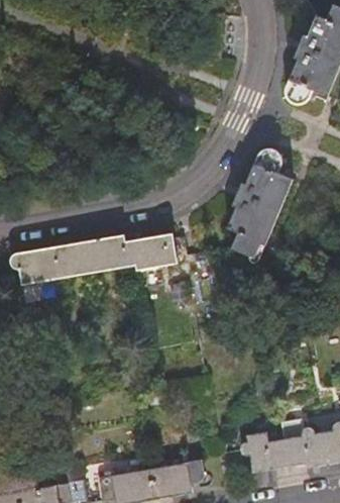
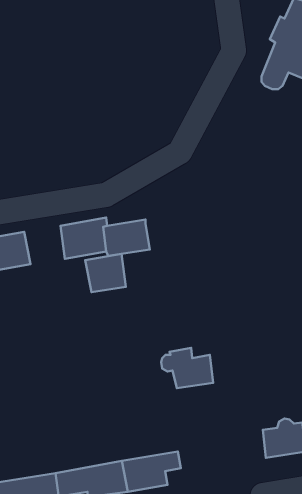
building: [226,148,290,259] -> none
building: [53,240,93,278] -> [85,254,126,292]
building: [238,432,289,472] -> [161,348,213,388]

